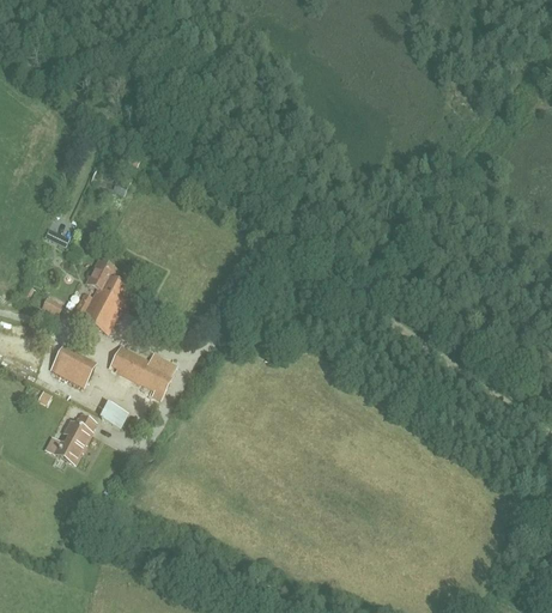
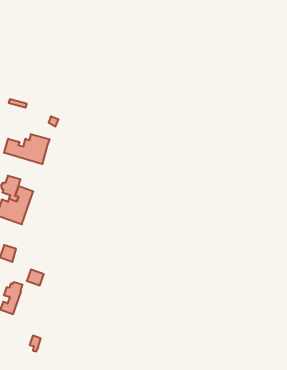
building: none -> [4,134,49,164]
building: [109,342,175,393] -> none

